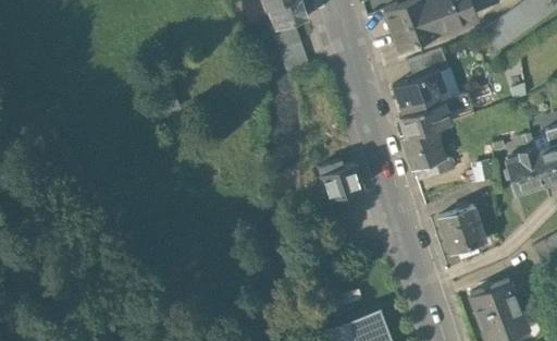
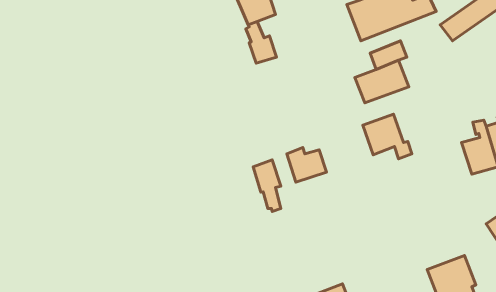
building: [396,96,467,142] -> none
building: none -> [253,160,281,211]
building: [438,207,486,255] -> none

